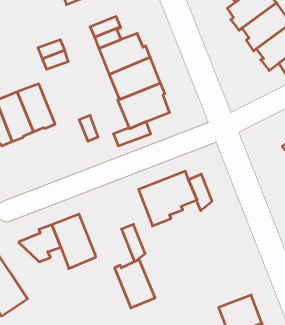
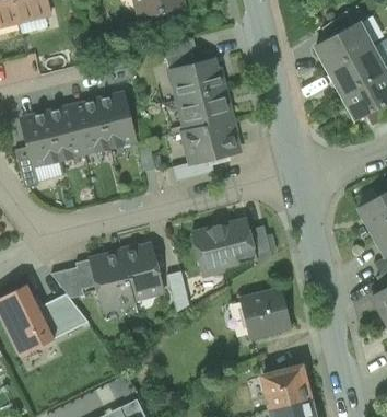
building: none -> [97,94,136,148]
building: none -> [243,291,286,336]
building: none -> [38,296,86,338]
building: [115,260,155,308] -> [122,246,163,299]

